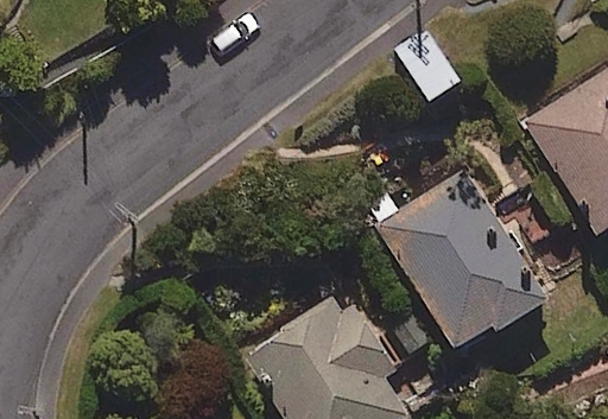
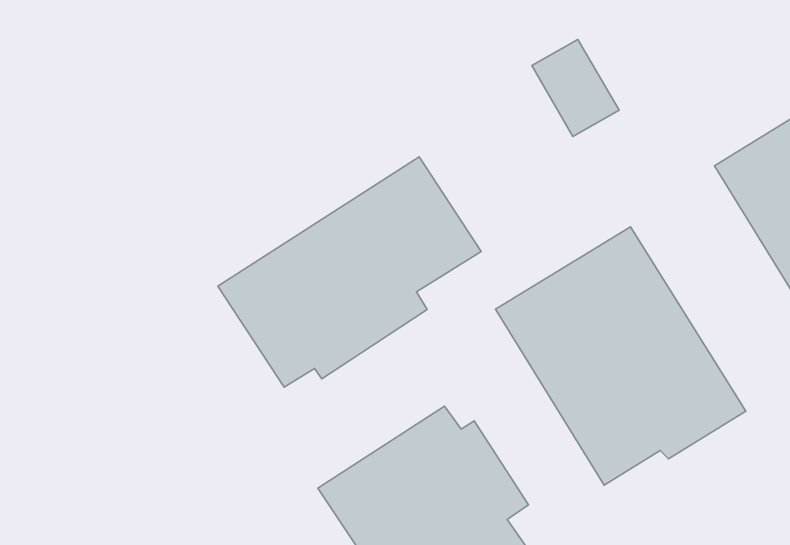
building: none -> [218,157,481,387]

